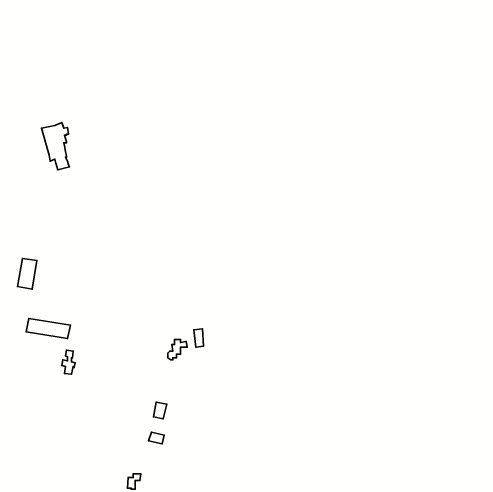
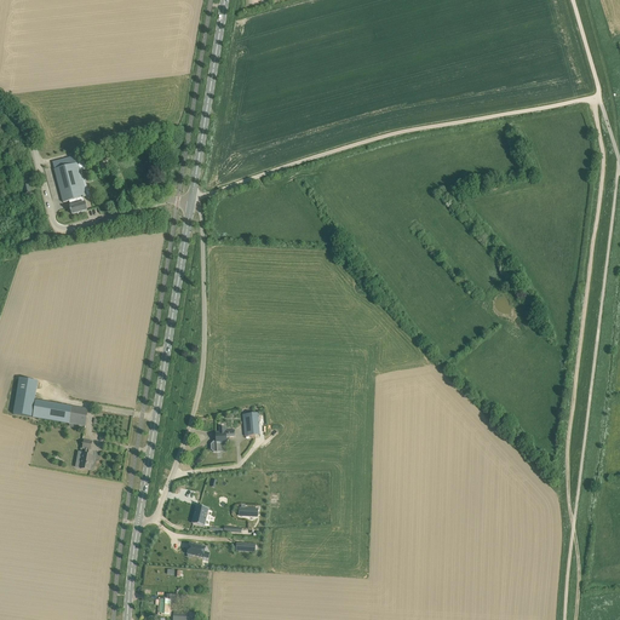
building: [18,258,37,289] -> [13,378,38,417]

